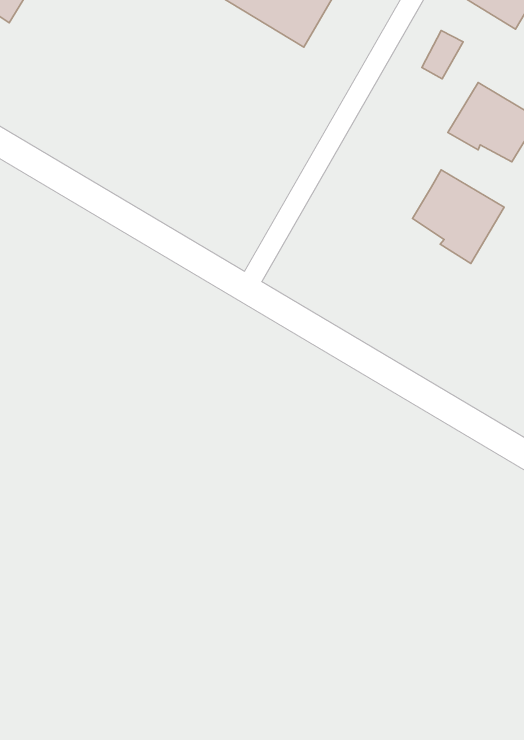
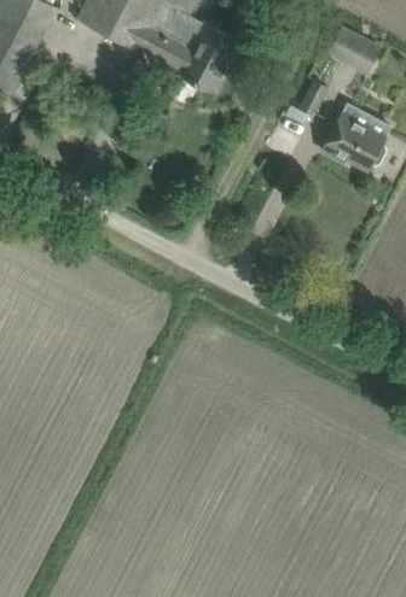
building: [412,170,504,263] -> none

